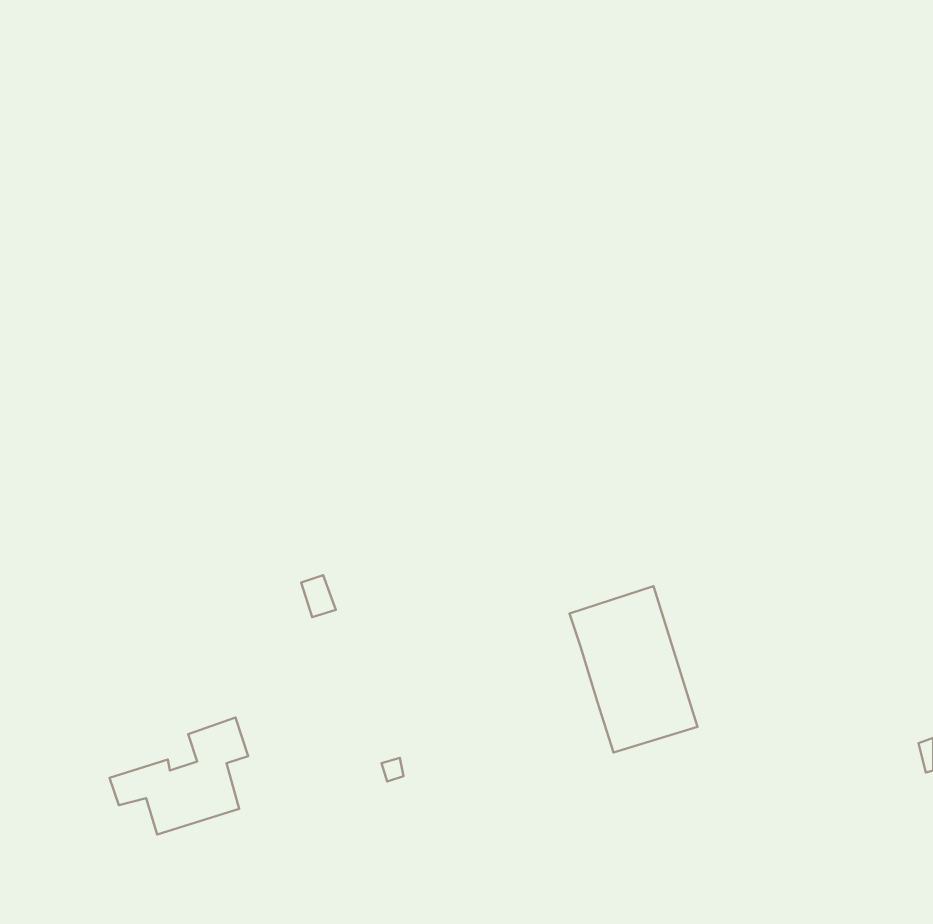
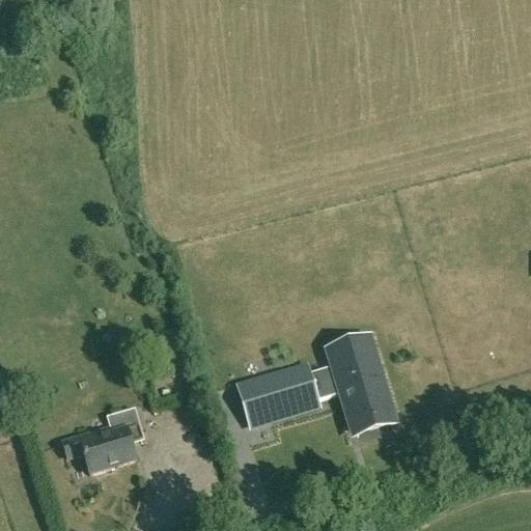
building: none -> [236,361,339,429]

